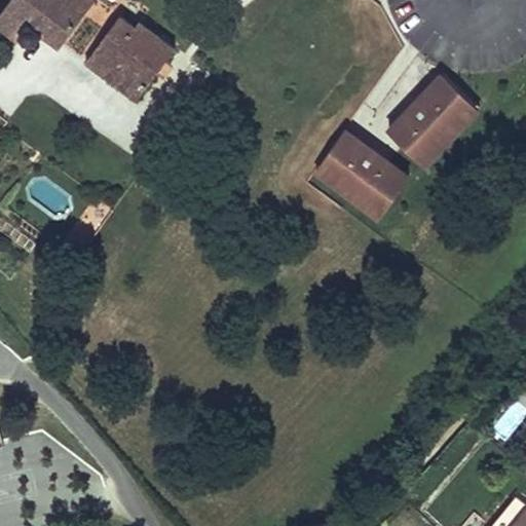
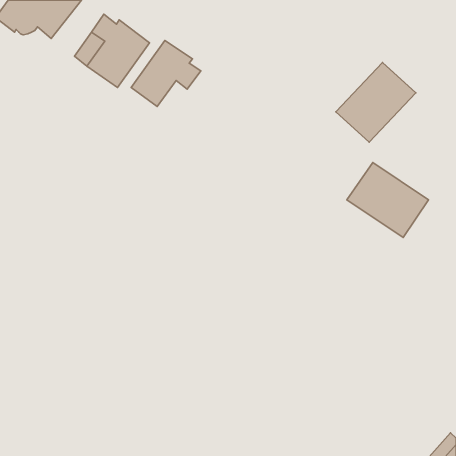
building: none -> [131,41,201,107]
building: [314,130,408,217] -> [347,162,428,237]

